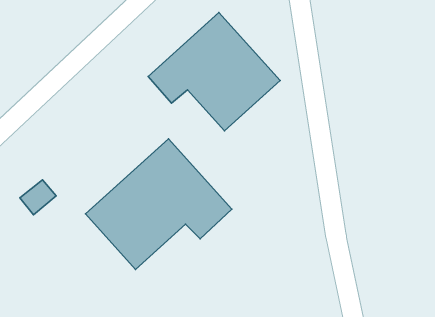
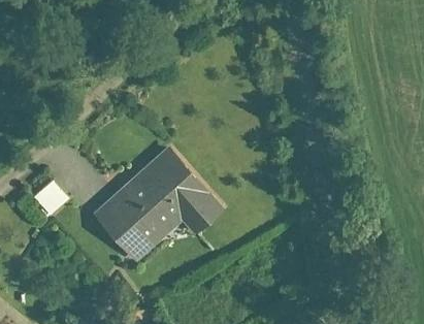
building: [148,13,280,131] -> none

